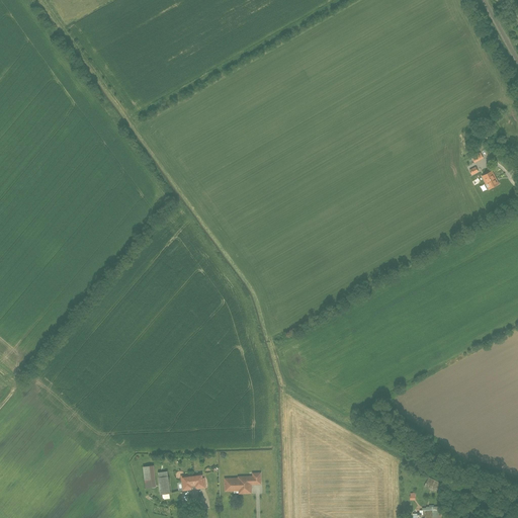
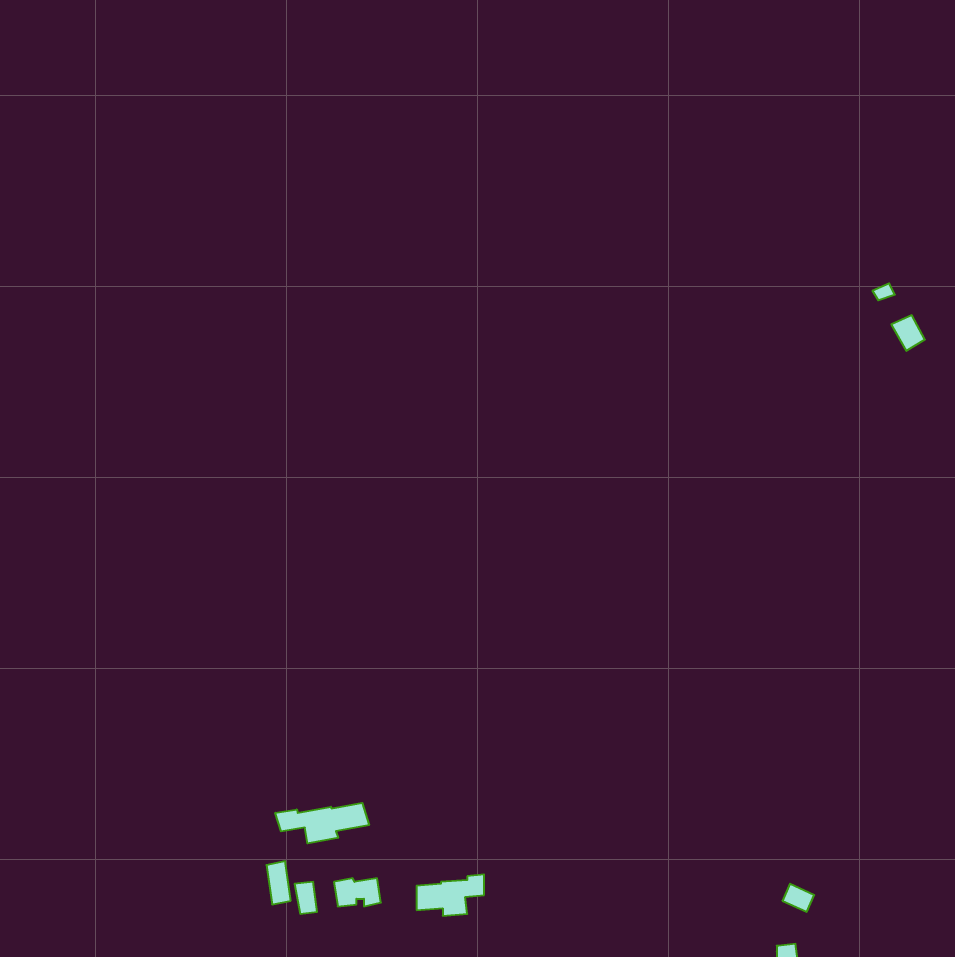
building: none -> [275,803,369,843]

